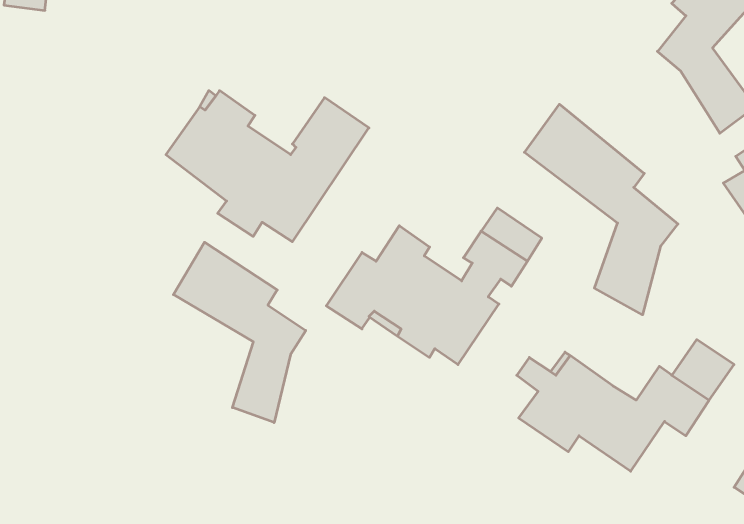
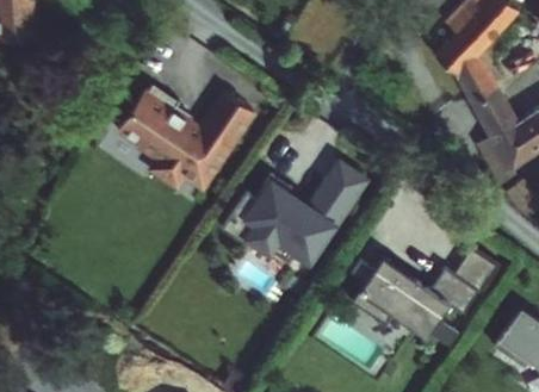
building: [524,104,678,315] -> none
building: [173,242,306,423] -> none

